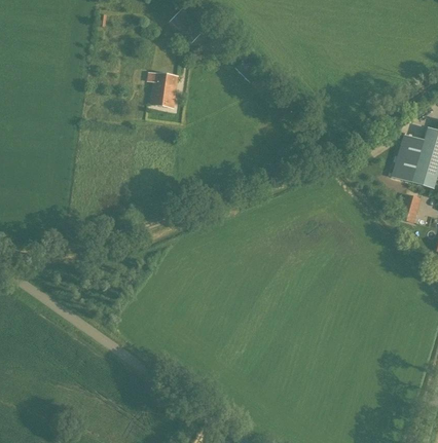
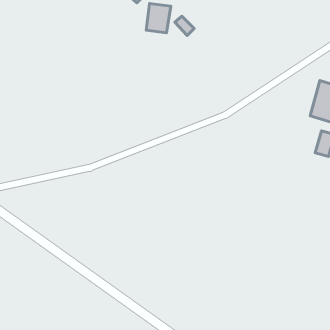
building: [150,73,179,107] -> [146,4,171,33]

